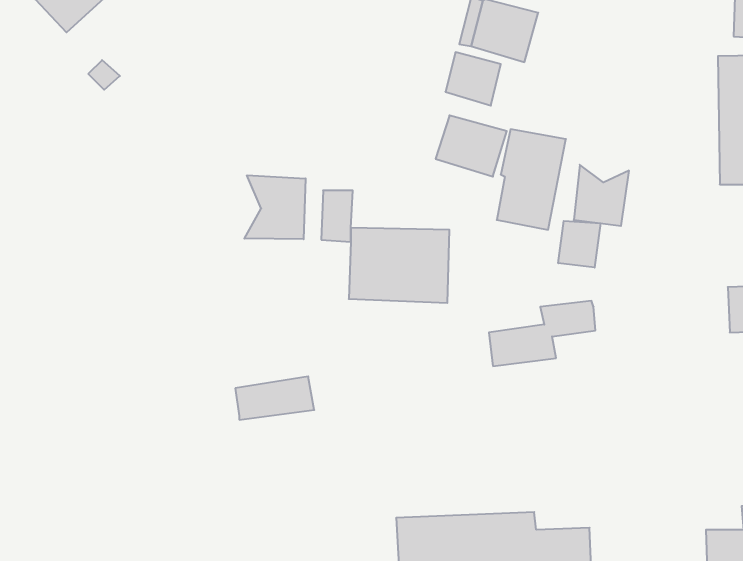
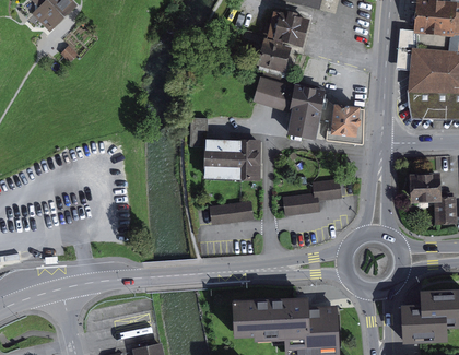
building: [244,175,306,239] -> none
building: [558,221,601,268] -> none
building: [235,376,314,420] -> [209,202,252,226]

